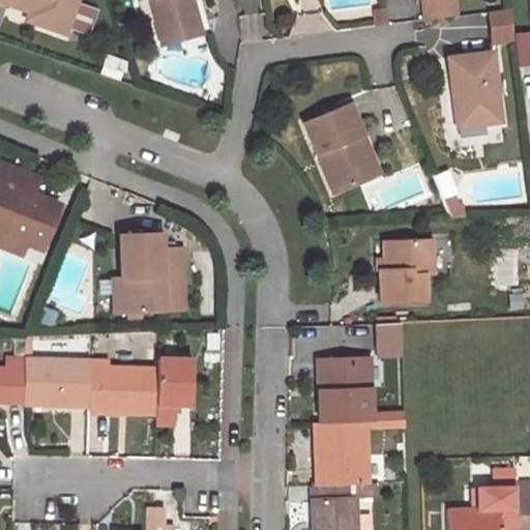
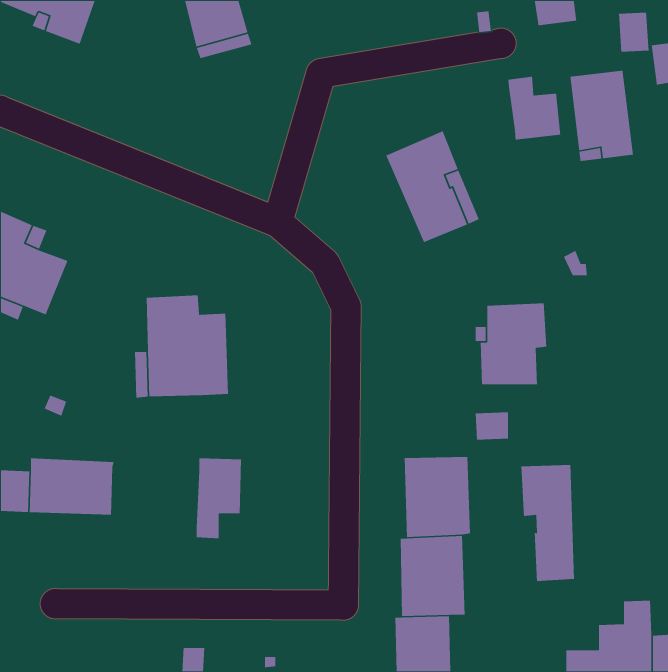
building: none -> [508,76,561,141]
building: none -> [521,464,575,582]
building: [91,367,159,415] -> none

